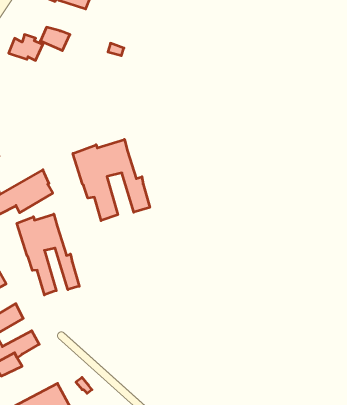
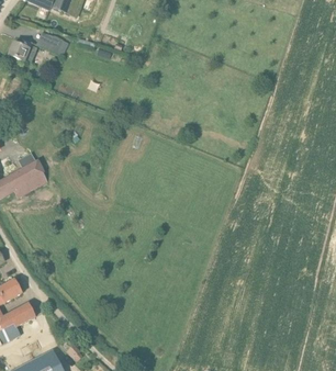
building: [73,139,150,221] -> none
building: [17,214,79,295] -> none

